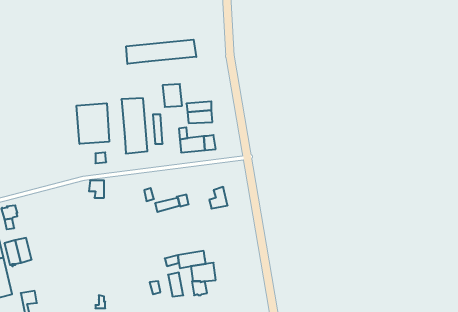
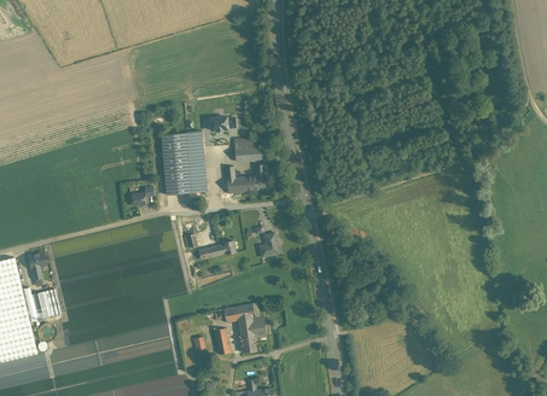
building: [126,40,196,64] -> none
building: [77,103,109,144] -> none

